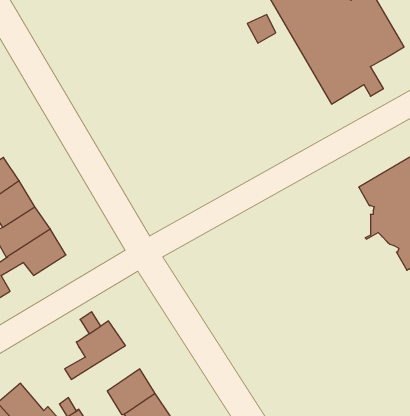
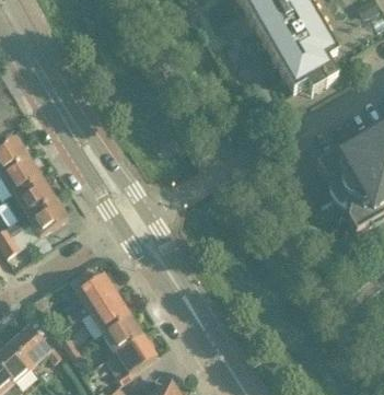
building: none -> [89,294,129,333]

